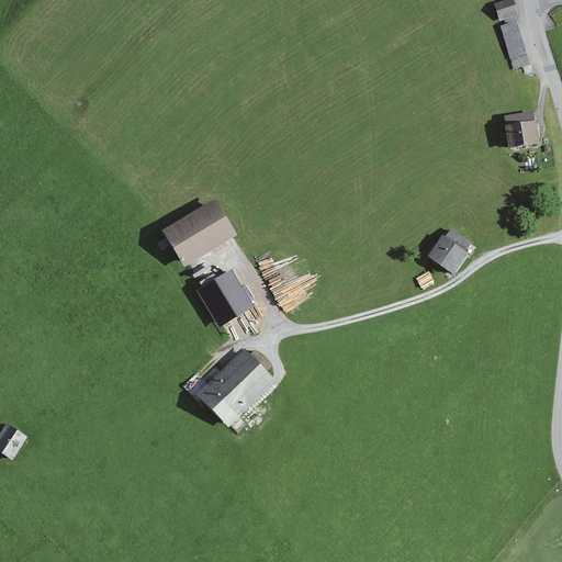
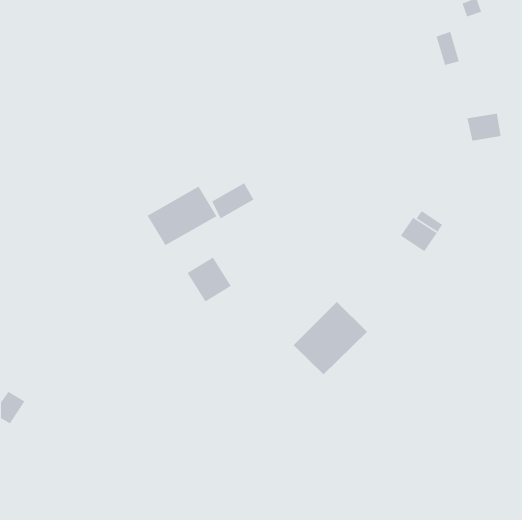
building: [499,22,526,59] -> [435,31,460,66]
building: none -> [211,182,254,220]
building: [198,347,278,426] -> [293,301,368,375]

